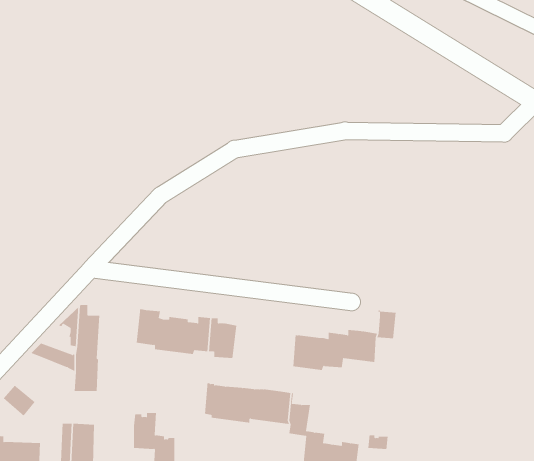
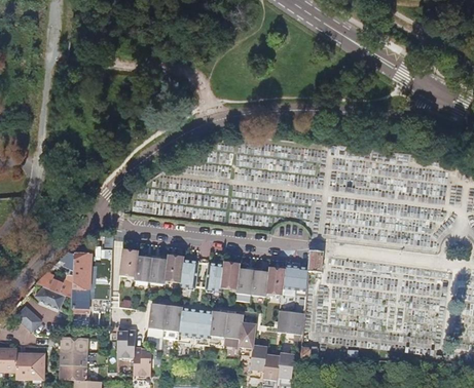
building: none -> [206,261,244,294]
building: none -> [36,286,66,310]
building: none -> [147,303,175,331]
building: none -> [277,309,304,334]

